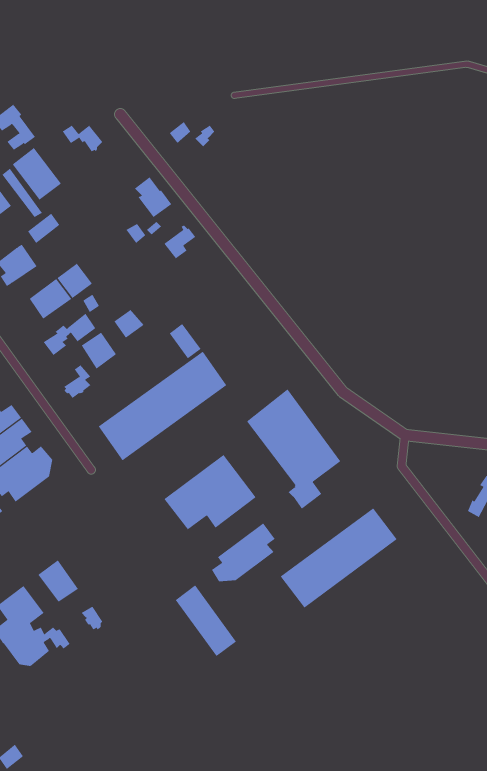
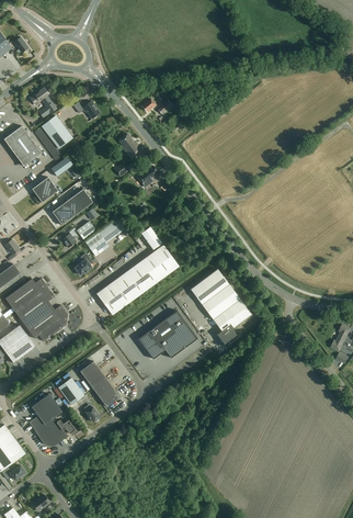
building: [280,507,397,608] -> none
building: [211,522,276,582] -> none
building: [175,585,237,657] -> [80,361,119,407]

